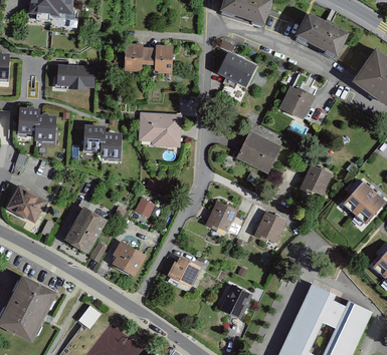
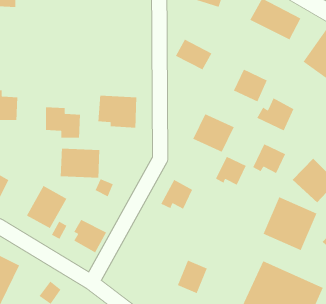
building: [124,43,172,75] -> none
building: [55,65,94,90] -> none
building: none -> [256,97,295,131]
building: none -> [60,148,100,179]
building: [253,212,286,243] -> [215,156,247,186]
building: none -> [262,196,318,251]
building: [167,257,202,291] -> none

